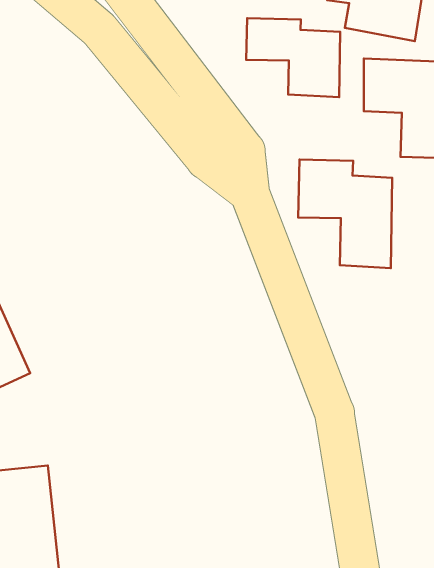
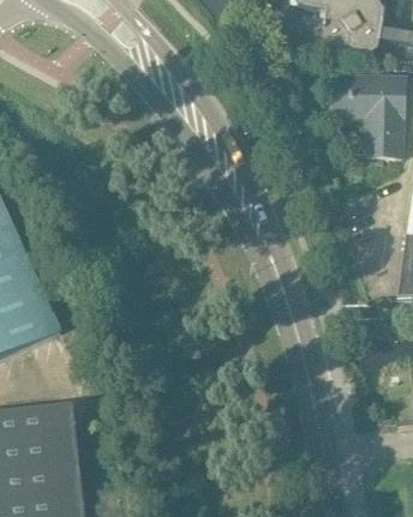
building: [246,18,340,97] -> none
building: [298,160,392,268] -> none

